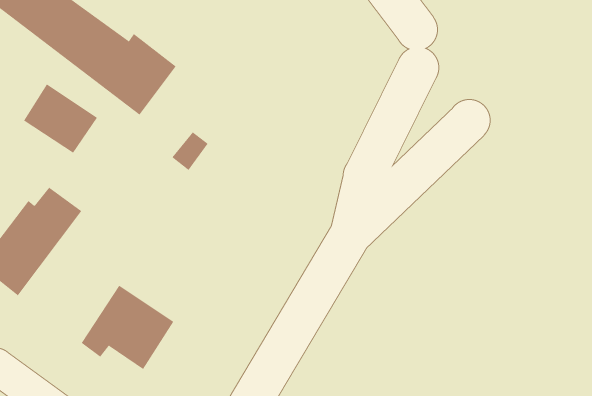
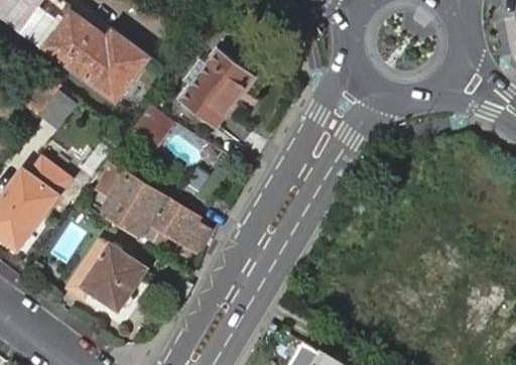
building: none -> [176,44,252,128]
building: none -> [96,166,210,251]

